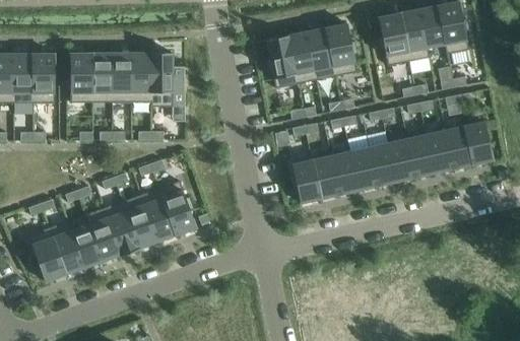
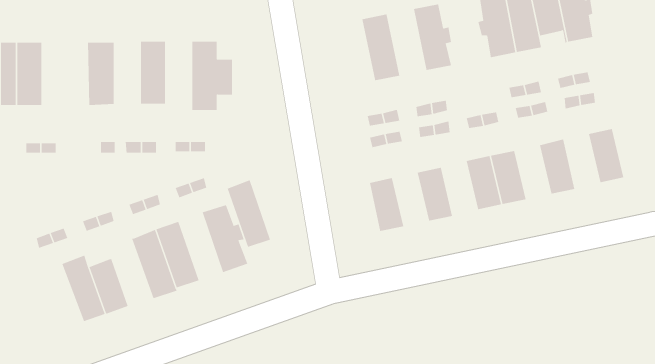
building: [307,26,337,79] -> none
building: [266,35,297,87] -> none
building: [91,52,112,101] -> none
building: [132,52,152,107] -> none
building: [35,53,55,103] -> none
building: [446,125,474,168] -> none
building: [407,134,436,177] -> none
building: [349,146,378,190] -> none
building: [311,155,339,198] -> none
building: [142,187,177,241] -> [227,179,271,248]
building: [86,207,122,261] -> none
building: [28,227,67,281] -> none

